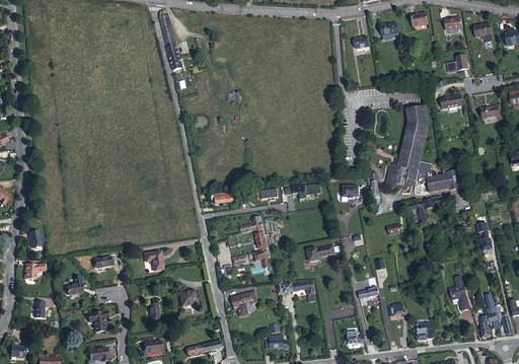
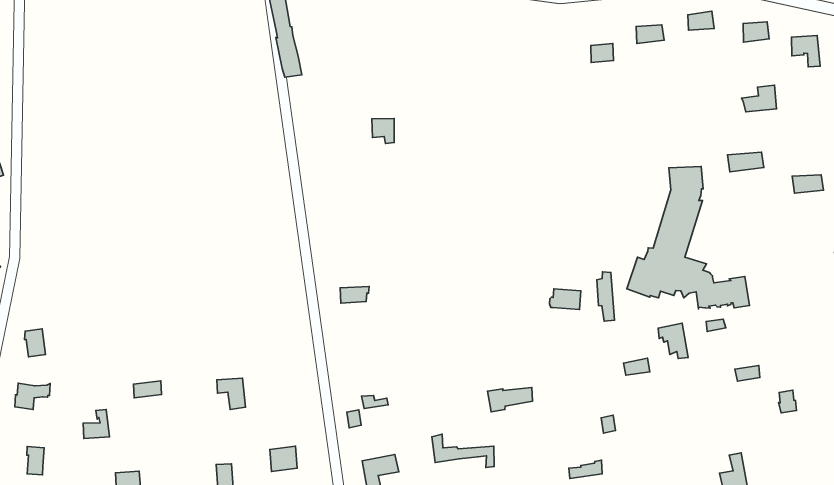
building: [242,217,269,268] -> none

